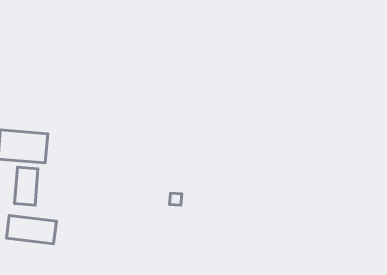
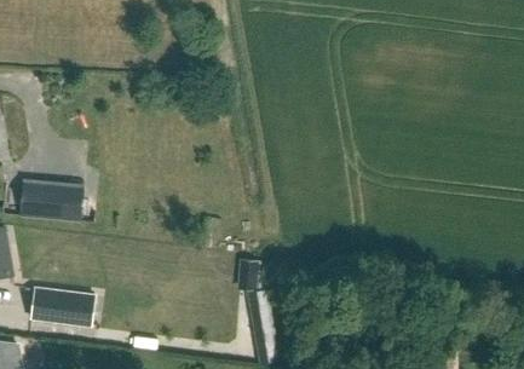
building: [15,167,38,205] -> none

